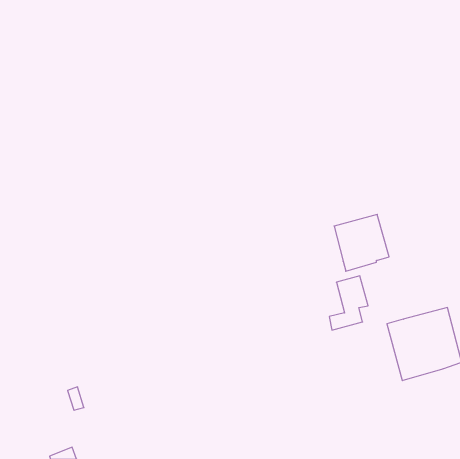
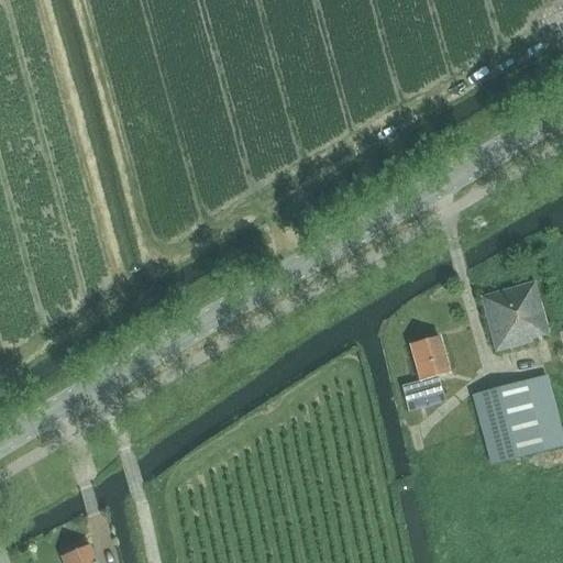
building: [334,214,389,271] -> [482,282,549,351]

